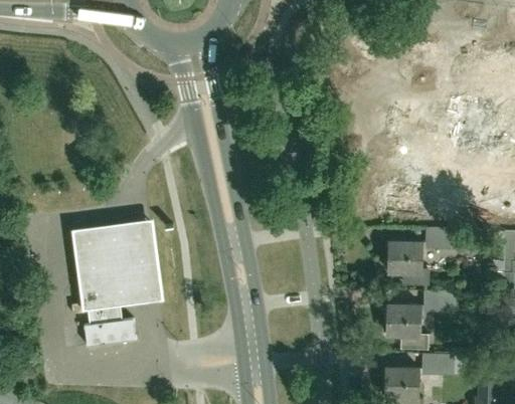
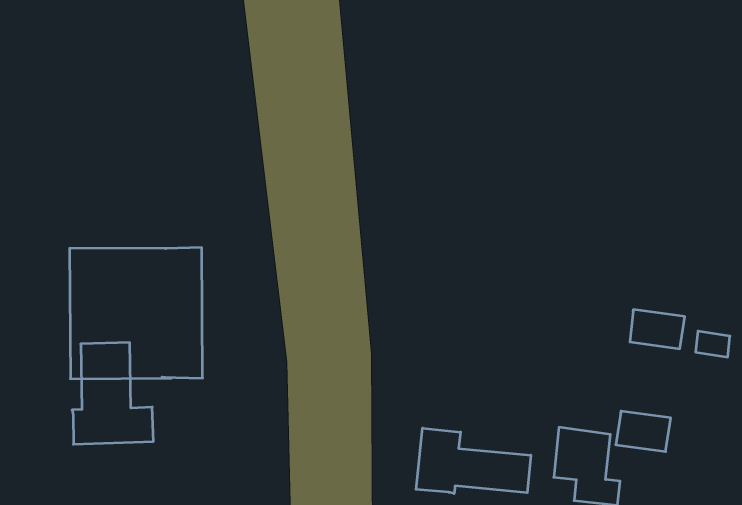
building: [386,241,426,285] -> none
building: none -> [416,428,531,494]

